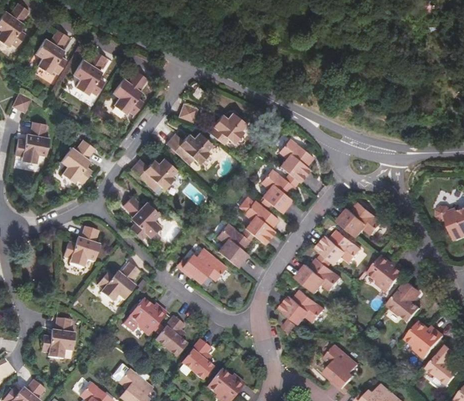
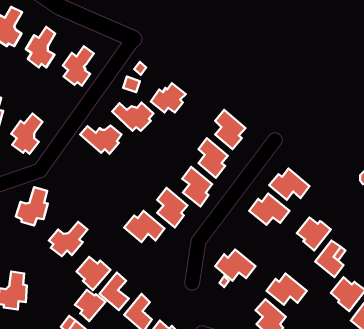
building: [123,192,160,235] -> none
building: [297,259,341,293] -> [266,273,307,305]
building: none -> [75,290,105,321]

